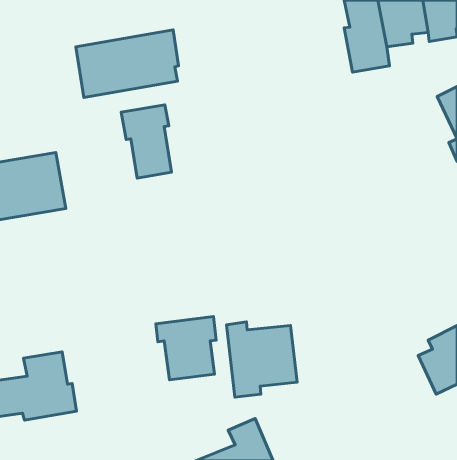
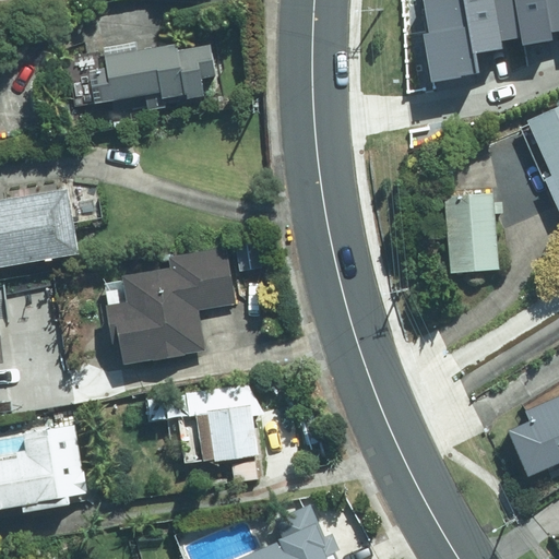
building: [121,105,171,178] -> none
building: none -> [444,189,499,270]
building: none -> [112,249,234,360]
building: [226,322,297,397] -> none

